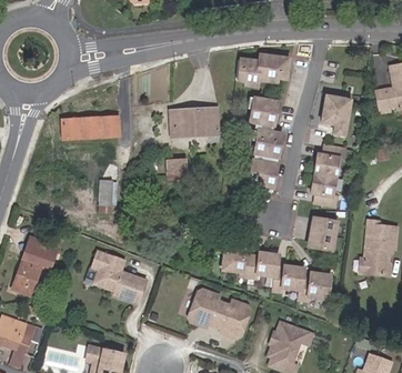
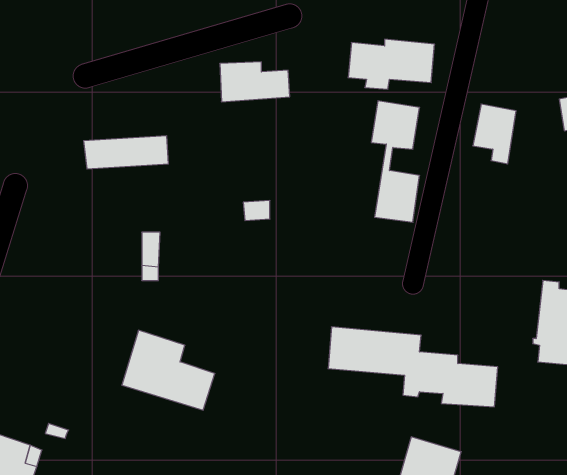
building: [170,111,217,138] -> [220,62,290,102]
building: [312,141,350,208] -> none
building: [310,214,342,250] -> none
building: [11,238,54,295] -> none
building: [188,285,257,340] -> none

